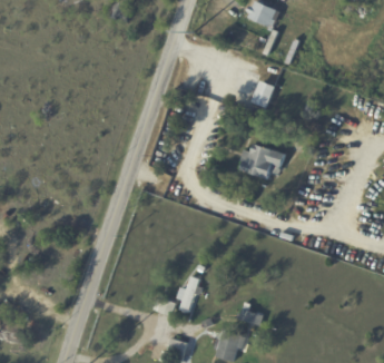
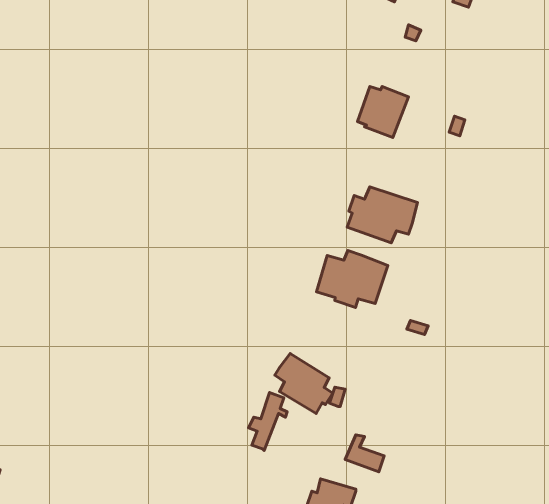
building: none -> [317,251,388,307]
building: none -> [275,354,333,413]

